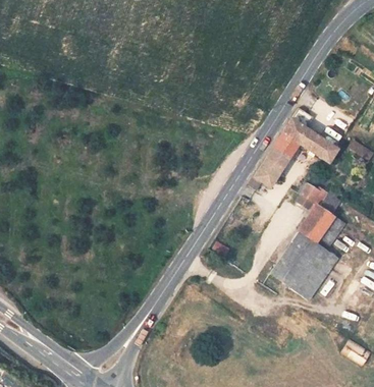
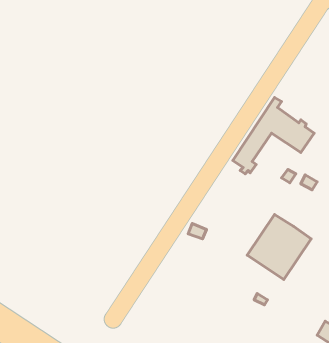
building: [298,203,336,242] -> none

